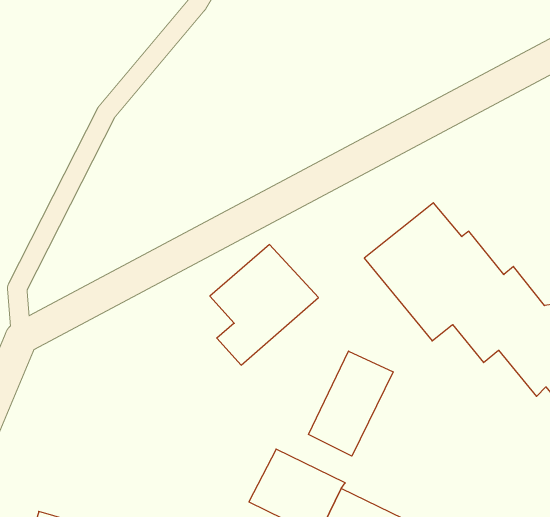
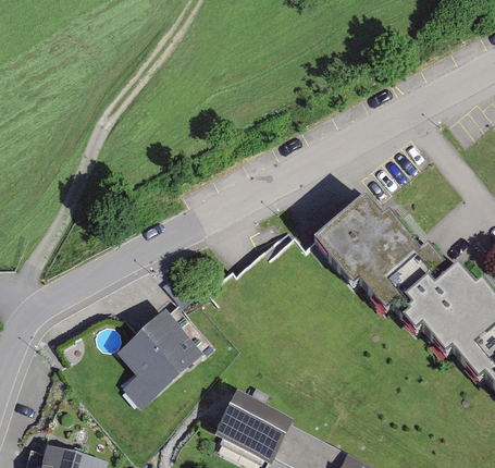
building: [210,245,318,365] -> [119,310,206,407]
building: [308,351,393,456] -> none

